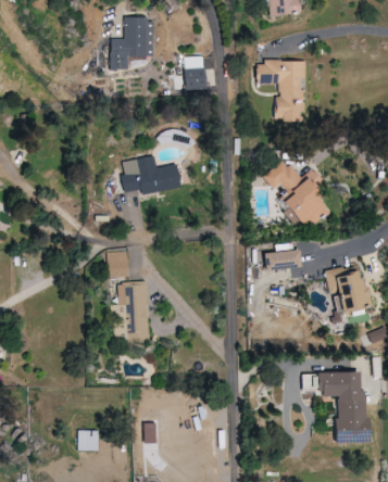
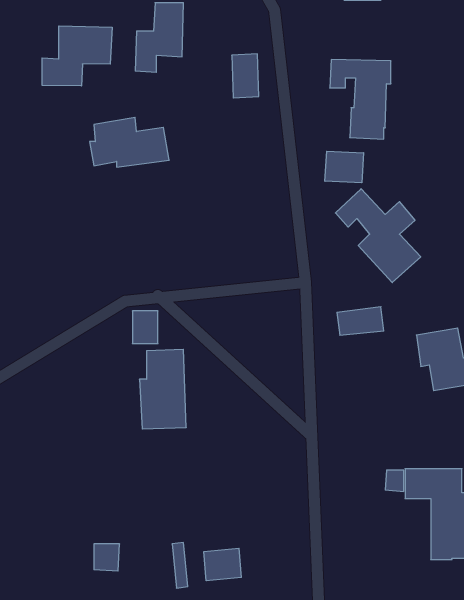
building: none -> [42,26,112,86]
building: none -> [325,151,364,183]
building: [122,155,183,193] -> [90,117,169,167]
building: none -> [204,548,241,581]

